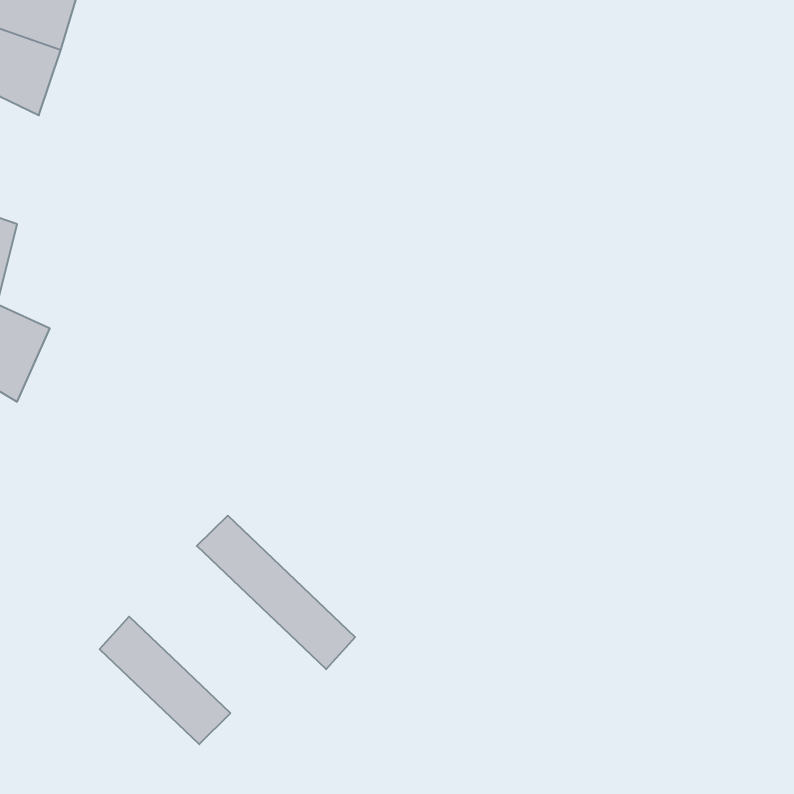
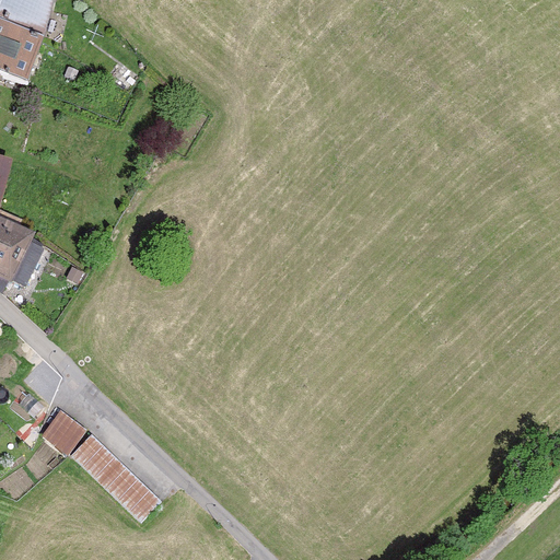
building: [197,516,355,669] -> none
building: none -> [40,409,86,456]

